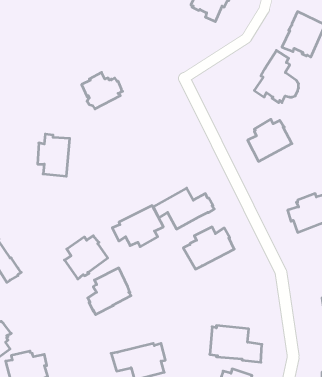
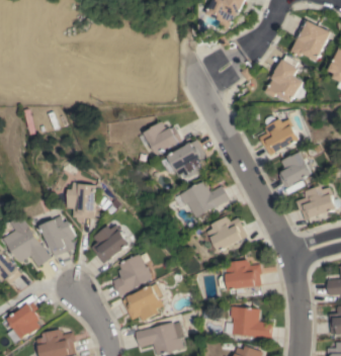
building: [82,72,123,109] -> [143,121,180,155]
building: [38,134,70,176] -> [69,181,98,219]
building: none -> [277,153,312,188]
building: [112,206,163,247] -> [160,141,206,178]
building: none -> [41,215,77,257]
building: none -> [218,260,261,290]
building: none -> [121,283,164,322]

